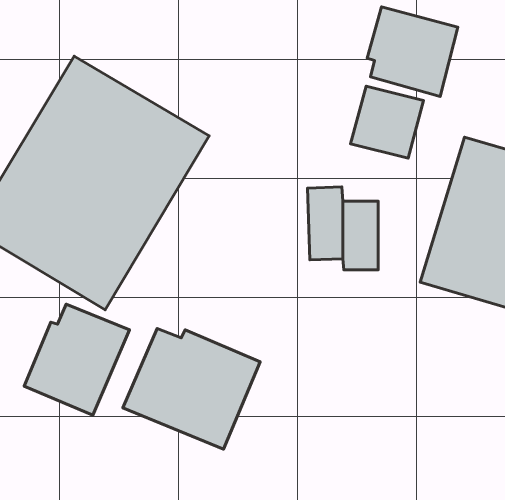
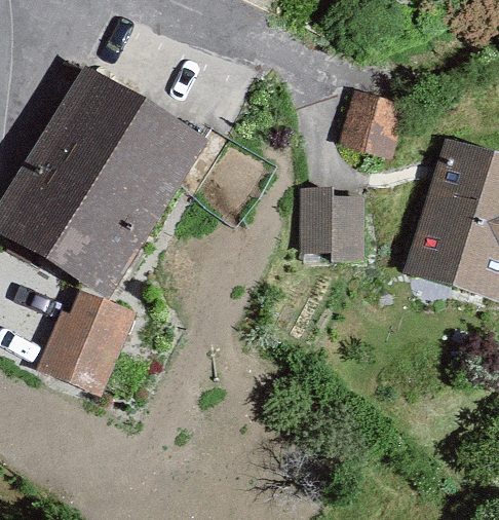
building: [367,7,458,96] -> none
building: [123,328,260,449] -> none

